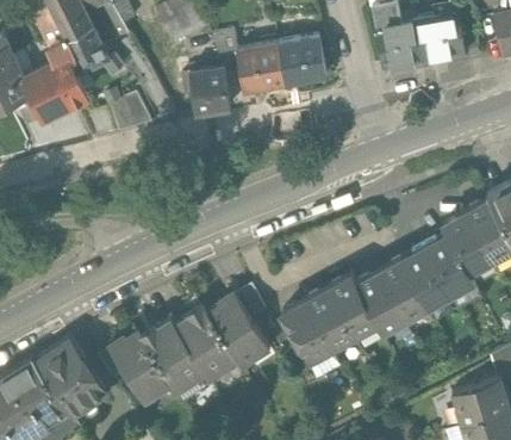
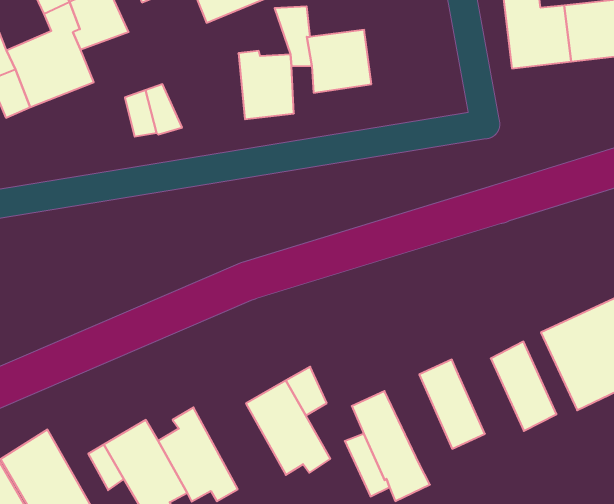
building: [276,38,325,83] -> none
building: [356,273,405,335] -> none
building: [305,287,355,351] -> none
building: [174,315,238,376] -> none

